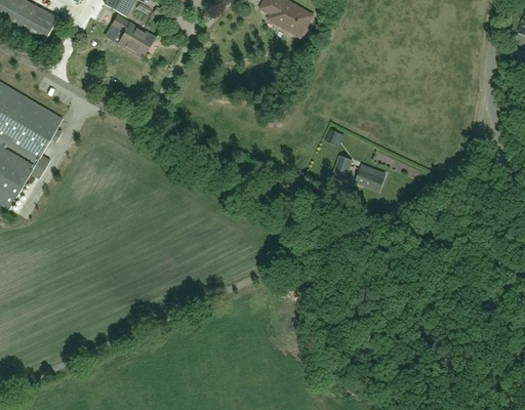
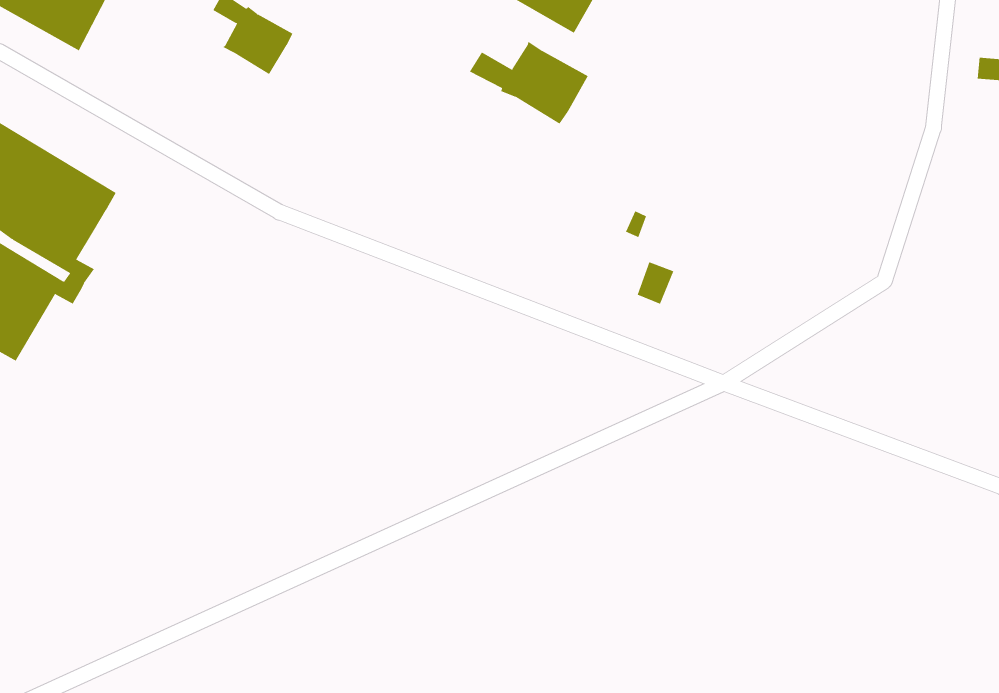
building: none -> [469,41,588,124]
building: [355,163,386,190] -> none

